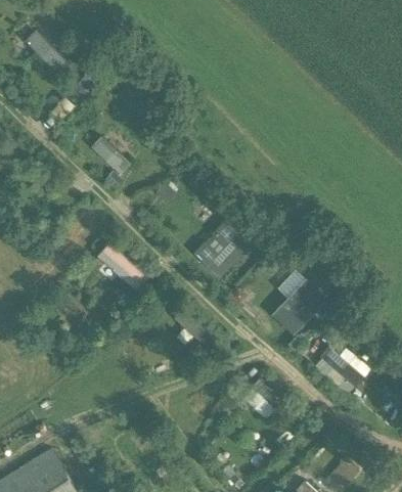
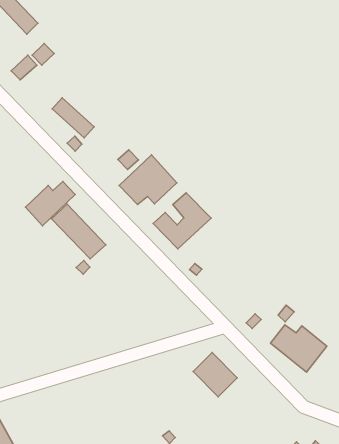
building: none -> [119,155,177,205]
building: none -> [25,182,75,226]
building: [271,279,327,336] -> none

